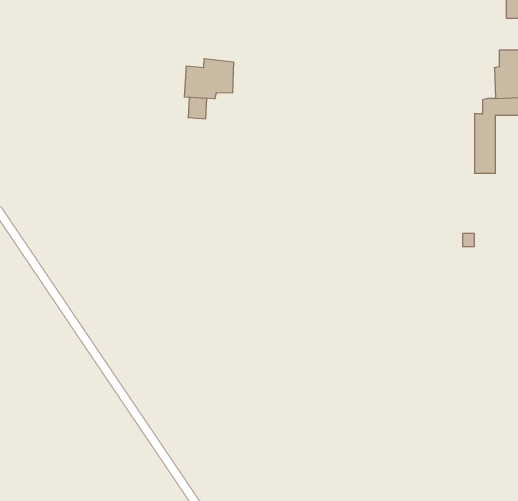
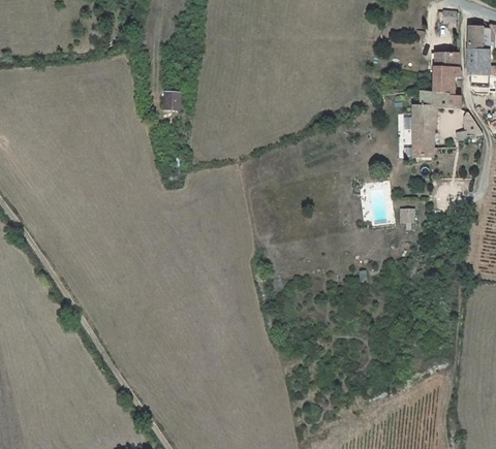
building: [184,59,233,99] -> none

